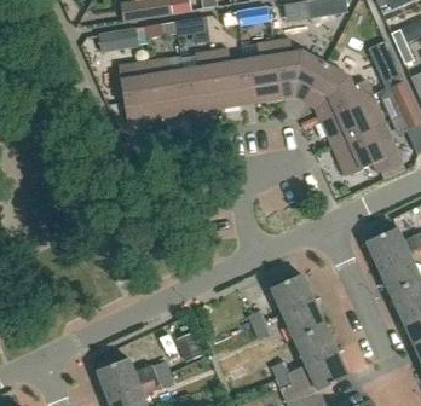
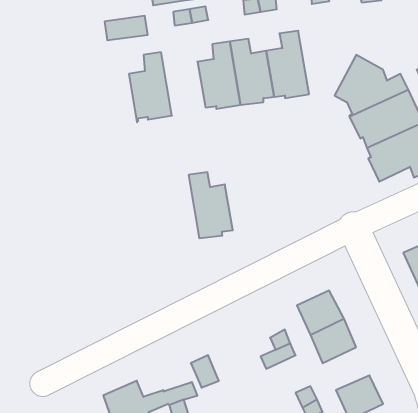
building: [272,39,324,99] -> none
building: [149,58,189,117] -> [189,172,233,238]
building: [294,325,336,364] -> none

